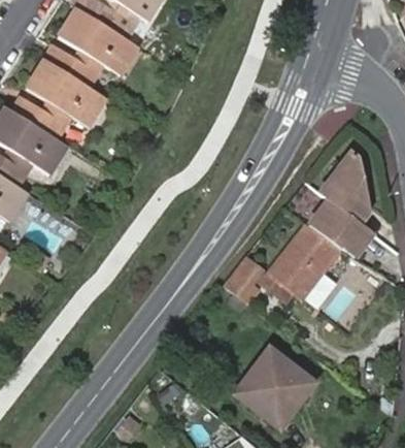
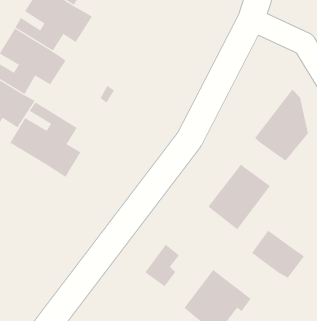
building: none -> [10,101,81,178]
building: [309,199,372,256] -> [251,230,305,278]
building: [225,251,266,301] -> [144,244,180,287]

